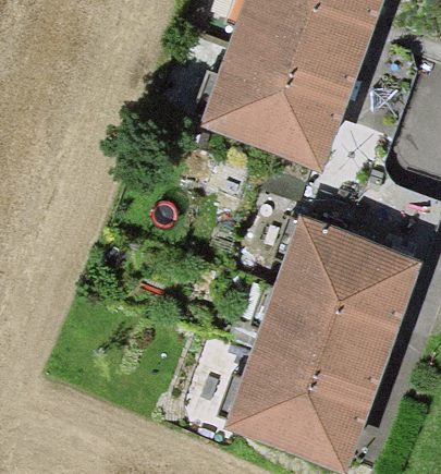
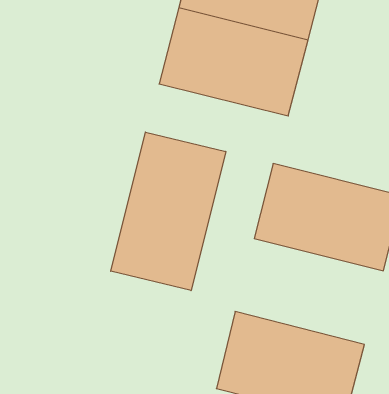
building: none -> [111,132,226,291]
building: [248,285,396,400] -> none

